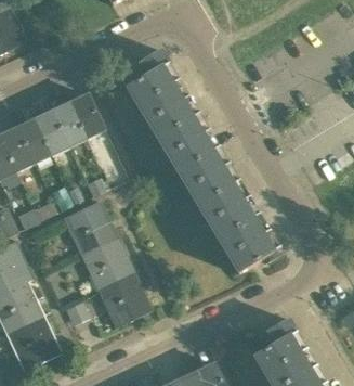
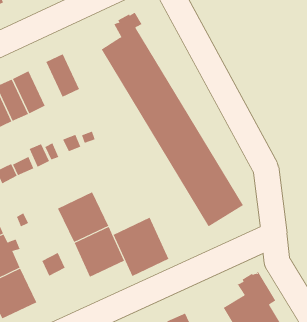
building: [52,102,87,147] -> none
building: [65,202,118,254] -> none
building: none -> [113,217,169,277]

